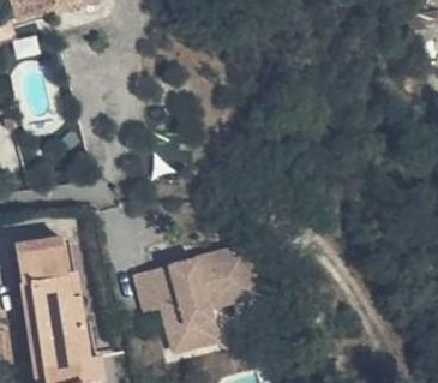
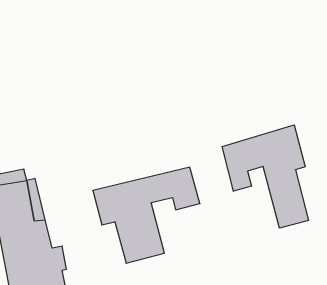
building: none -> [222,125,309,228]

